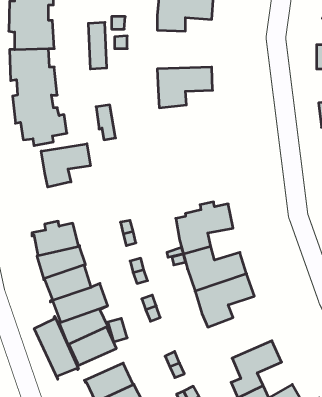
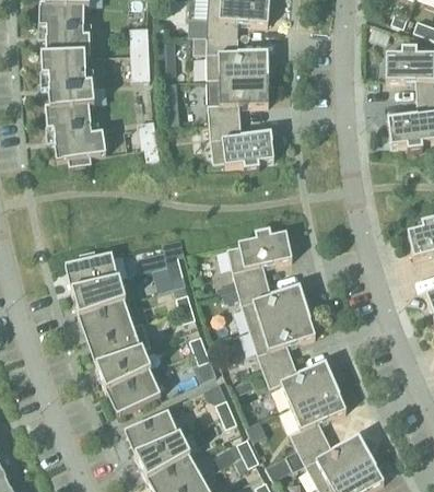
building: none -> [204,35,267,79]
building: none -> [208,119,273,168]
building: [41,144,90,187] -> none
building: [34,316,78,379] -> none
building: none -> [262,359,335,405]

